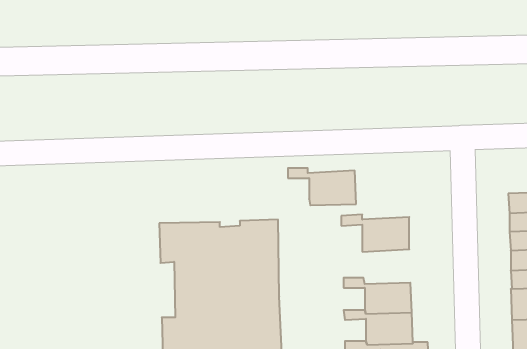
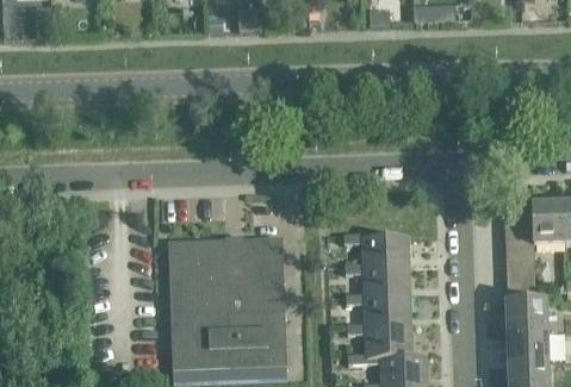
building: [288,168,356,205] -> [345,263,410,299]

